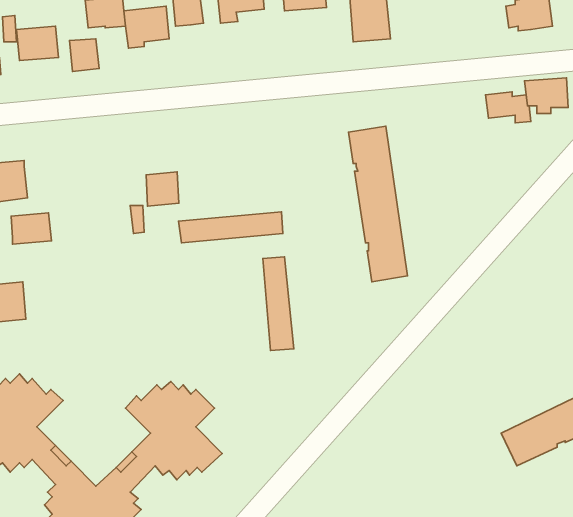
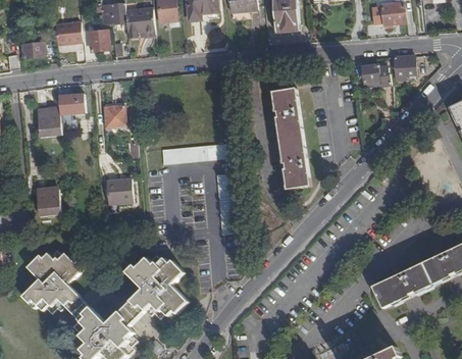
building: [146,172,179,206] -> [103,104,124,126]
building: [11,213,52,244] -> [58,93,85,113]
building: none -> [105,177,133,204]

